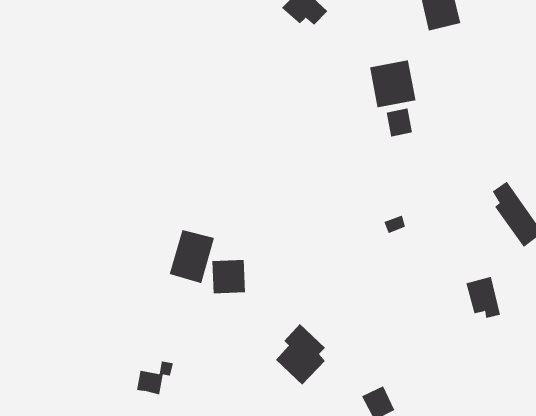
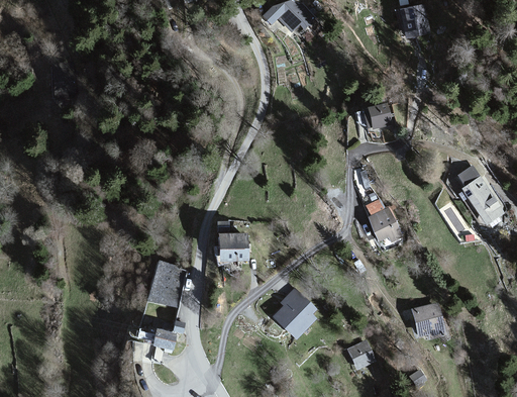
building: [369,59,416,108] -> none
building: [169,230,215,284] -> [147,261,187,307]
building: none -> [368,211,402,243]
building: [466,276,501,318] -> [411,304,441,340]

